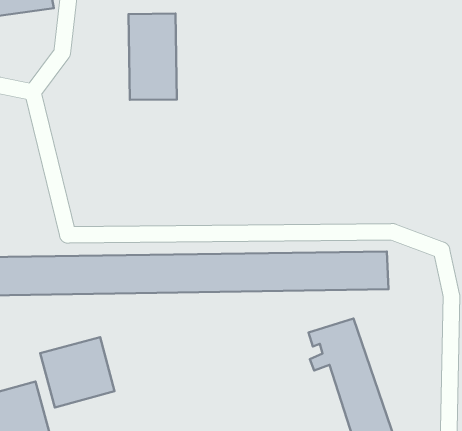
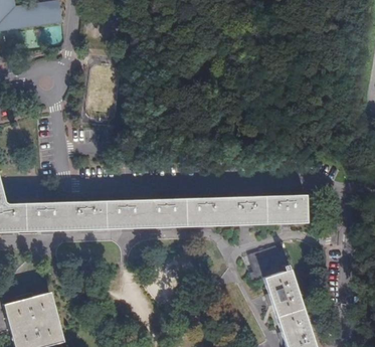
building: [128,14,177,100] -> none
building: [40,337,115,407] -> none

